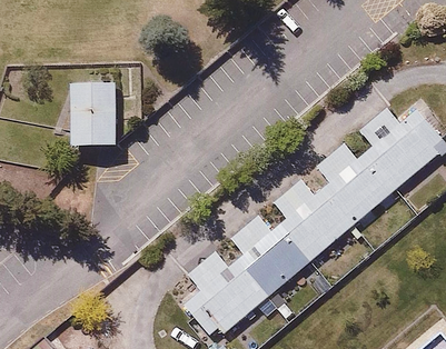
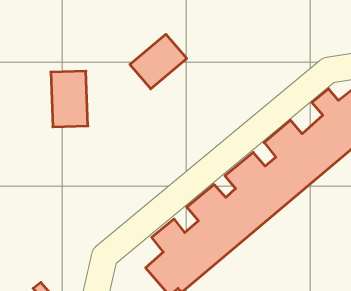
building: none -> [130,34,187,89]

